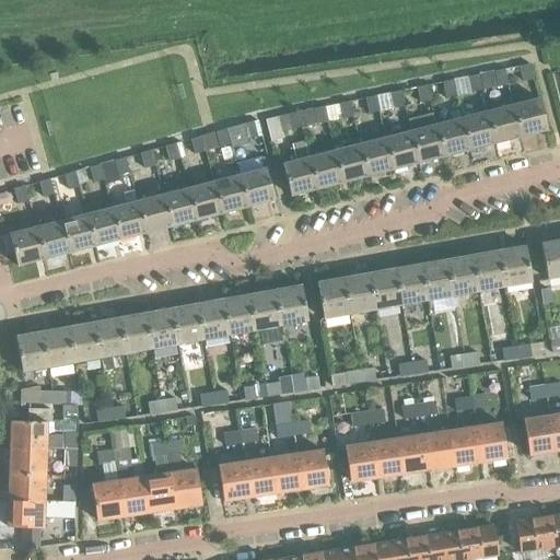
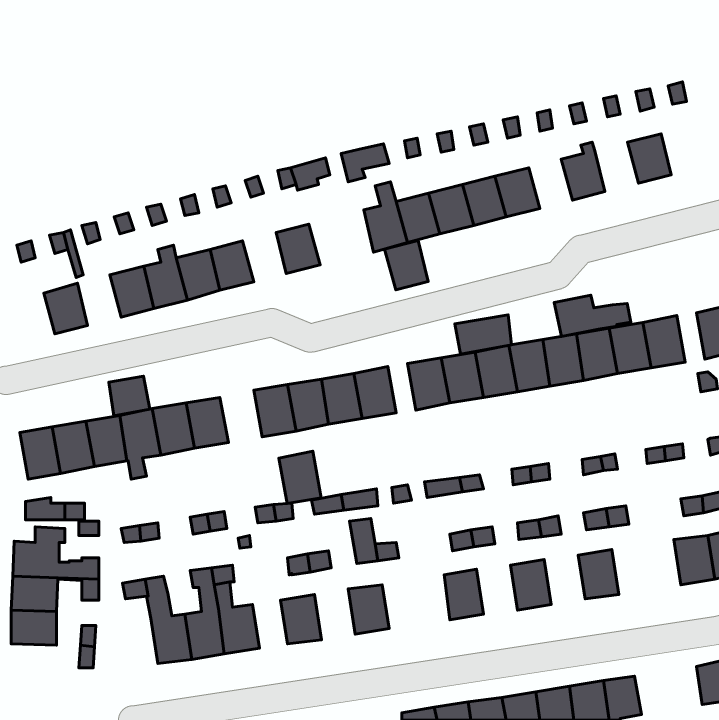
building: [514,97,548,136] -> none
building: [463,110,497,149] -> none
building: [408,113,445,162] -> none
building: [241,167,275,206] -> [384,241,428,290]
building: [189,180,223,219] -> none
building: [61,213,95,253] -> none
building: [10,228,44,266] -> none
building: none -> [554,295,631,336]
building: none -> [455,315,511,354]
building: none -> [109,376,150,416]
building: [172,303,205,343] -> [279,451,321,503]
building: [476,422,508,462] -> none
building: [423,431,455,469] -> none
building: [371,439,402,477] -> none
building: [298,450,329,488] -> none
building: [245,457,277,497] -> none
building: [92,480,124,520] -> none
building: [9,500,45,546] -> none
building: [515,517,546,551] -> none

